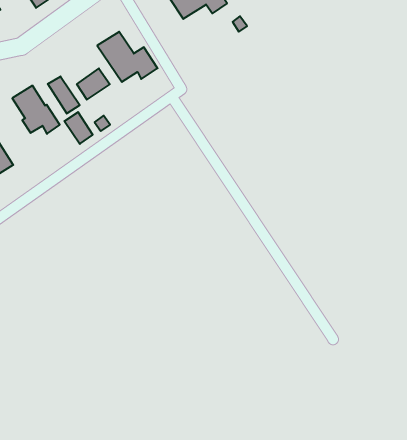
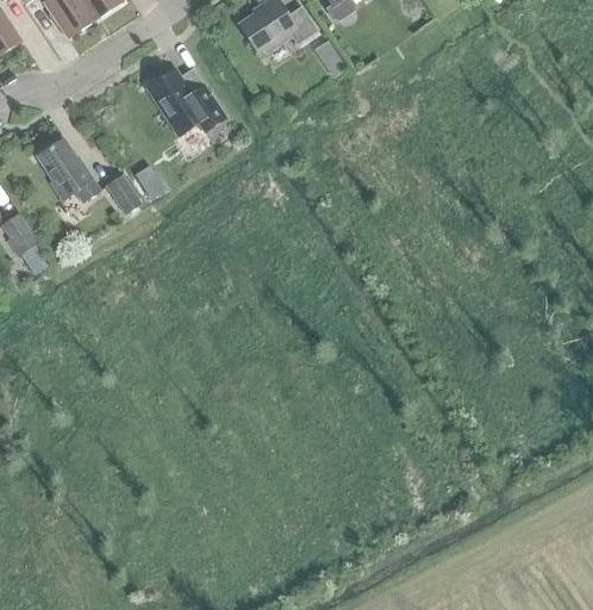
building: [77,68,110,100] -> none
building: [48,76,80,114] -> none

